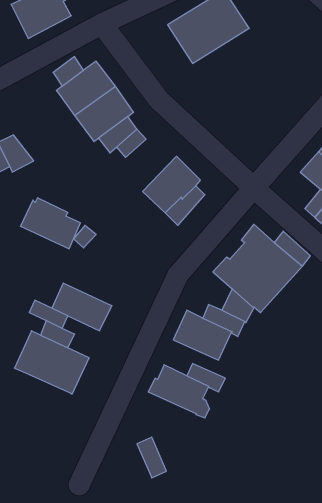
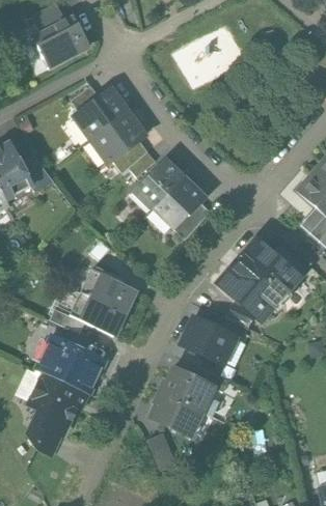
building: none -> [132,158,184,209]
building: [20,198,80,249] -> [80,266,135,313]
building: none -> [28,373,86,454]
building: none -> [148,392,201,437]

